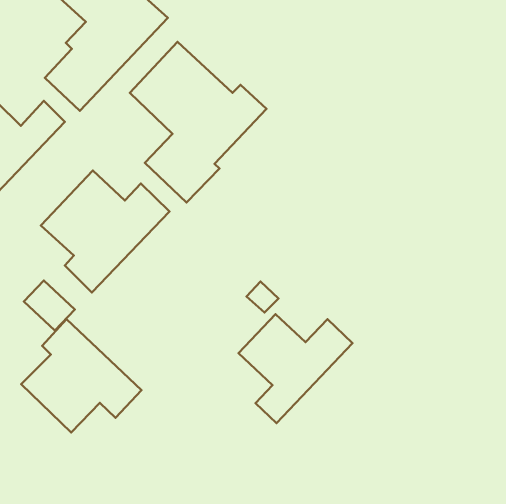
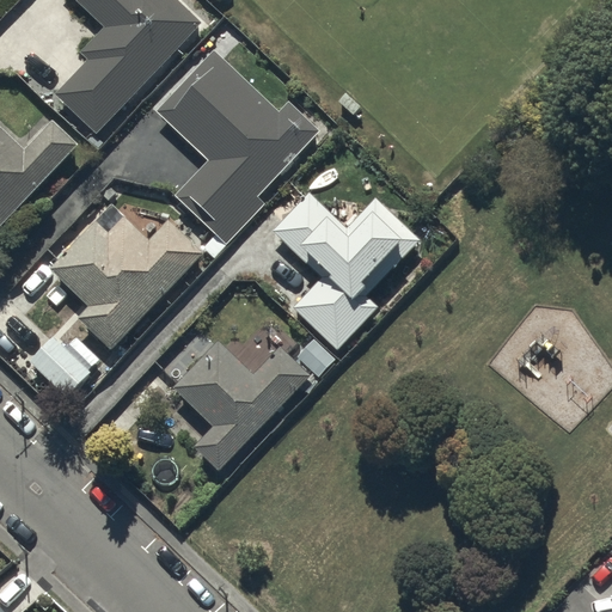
building: none -> [273,192,418,349]
building: [239,314,352,423] -> [173,342,310,472]
building: [21,319,142,433] -> none

